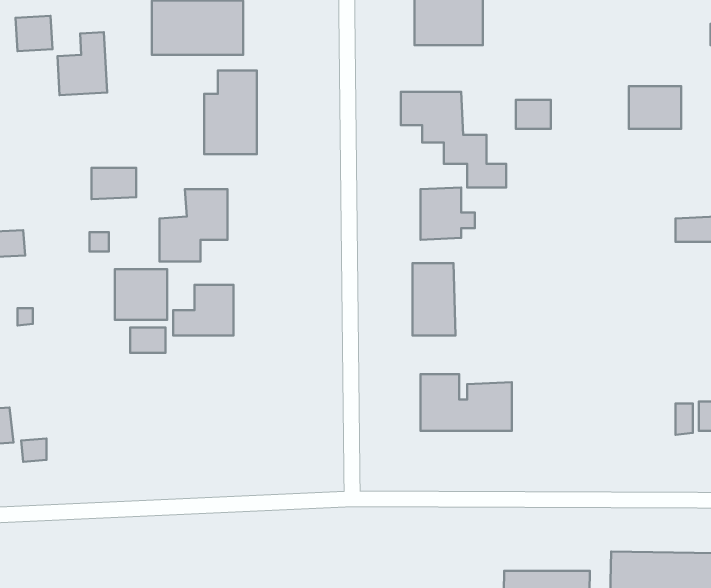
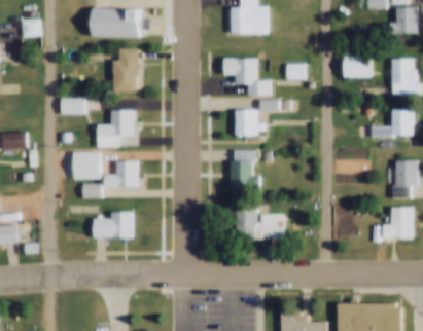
building: [57,32,107,95] -> none
building: none -> [95,213,133,238]

